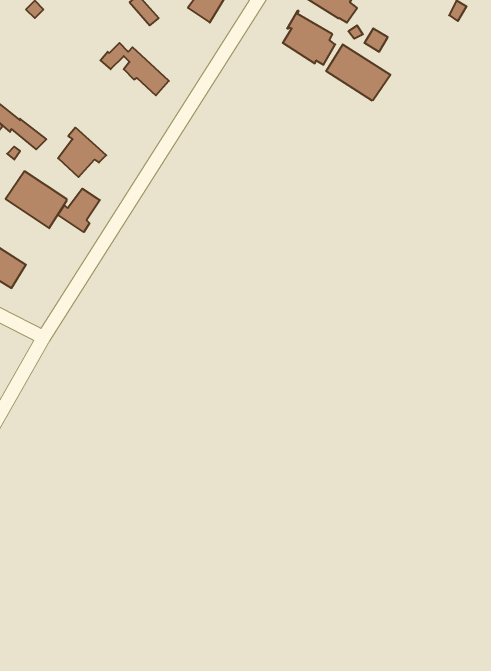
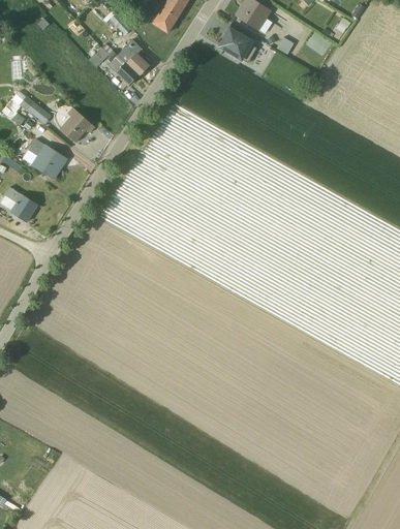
building: none -> [119,40,148,74]
building: [326,44,390,101] -> none
building: [58,189,100,232] -> none

